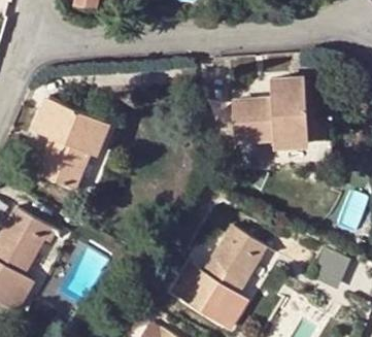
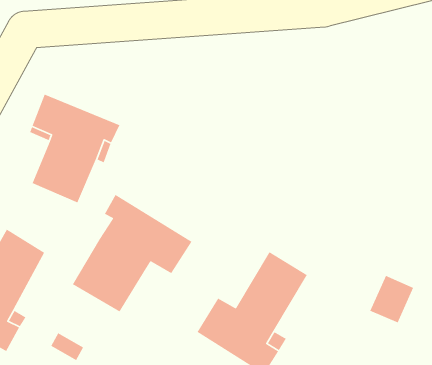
building: [232,77,307,144] -> none
building: none -> [72,194,193,312]

